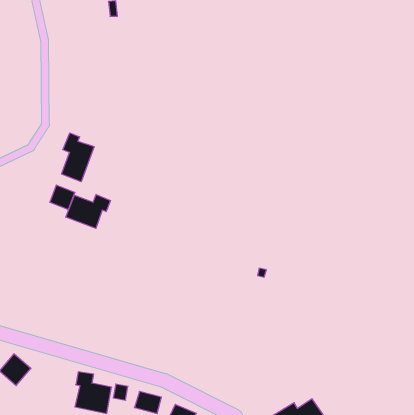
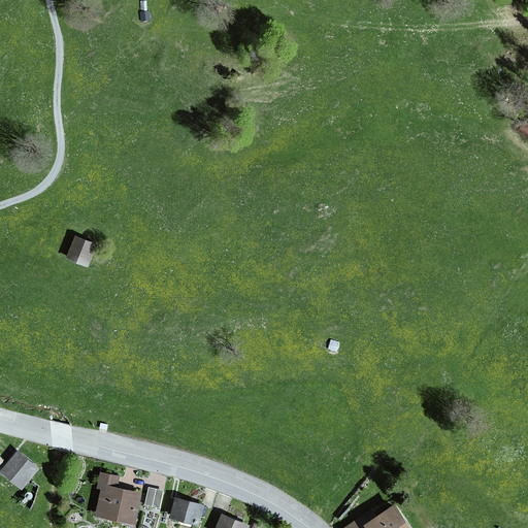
building: [61,133,94,182] -> none
building: [66,194,110,228] -> none

